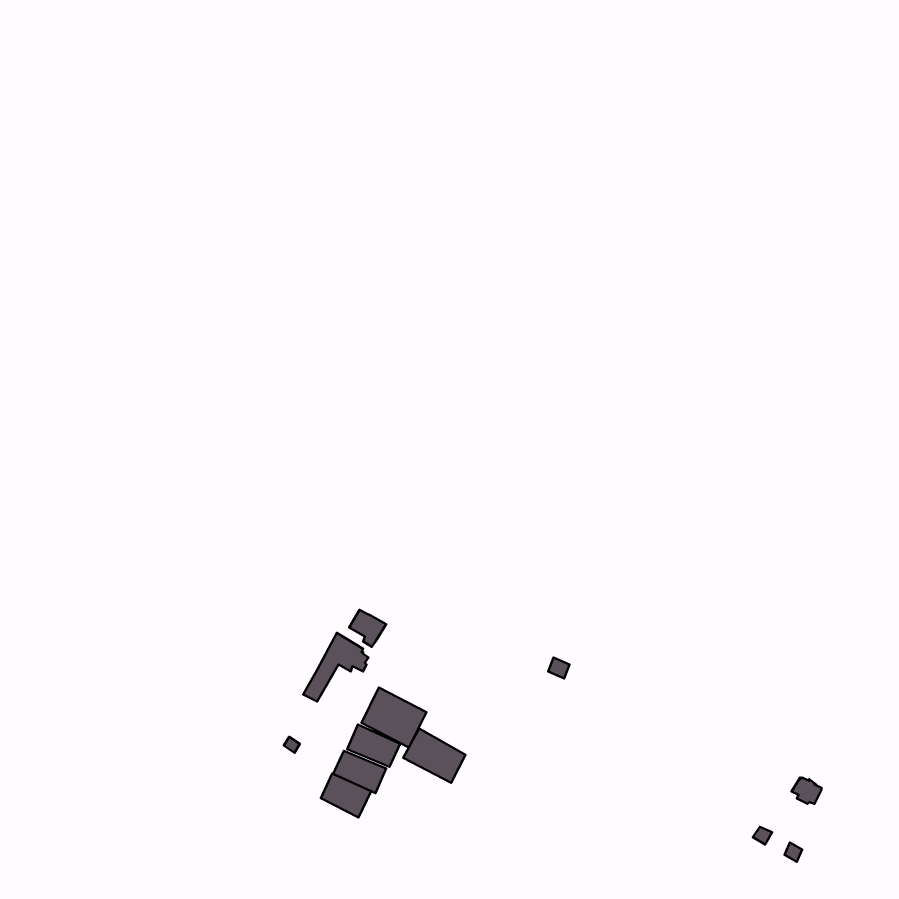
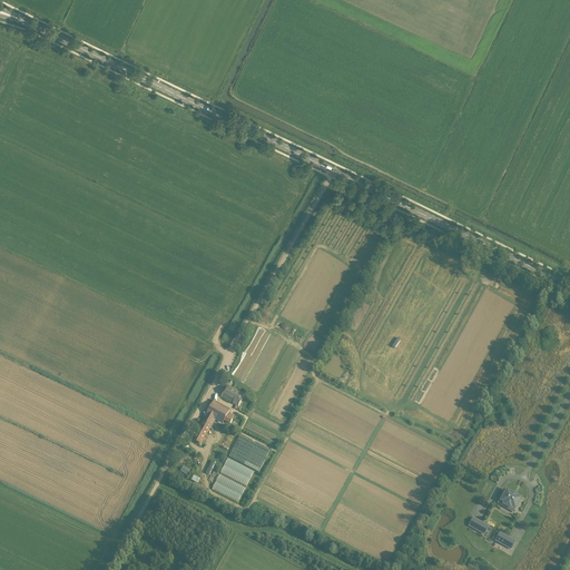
building: [403,729,466,783] -> none
building: [321,773,371,817] -> none

